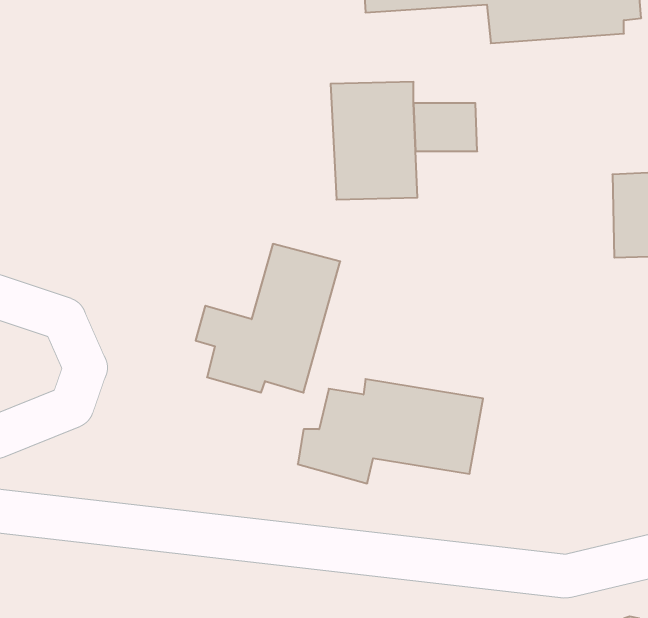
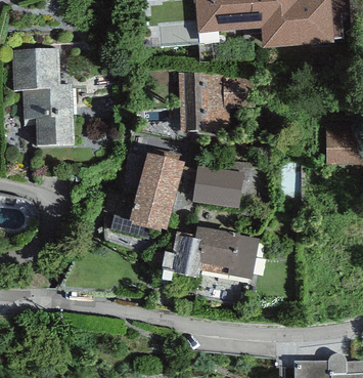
building: none -> [10,48,72,143]
building: none -> [192,159,251,210]

